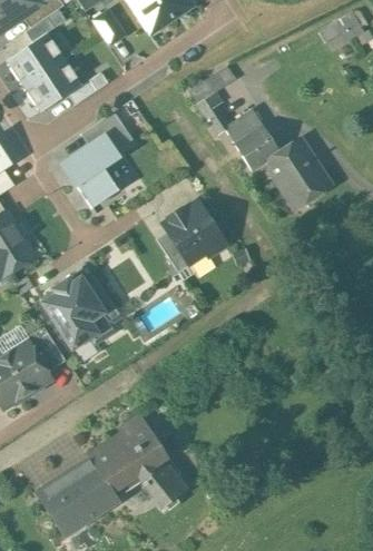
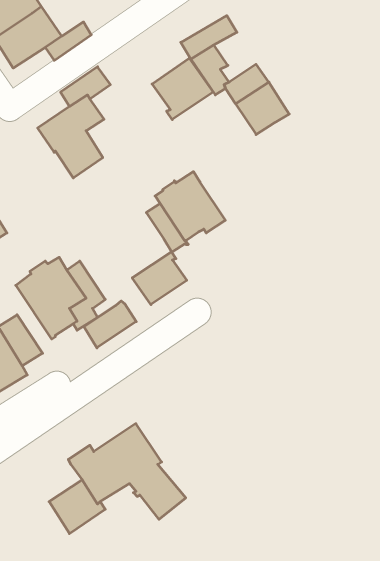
building: none -> [152,58,213,120]
building: [266,140,327,200] -> none
building: none -> [132,252,187,305]
building: none -> [84,301,136,348]
building: [37,457,99,533] -> none

